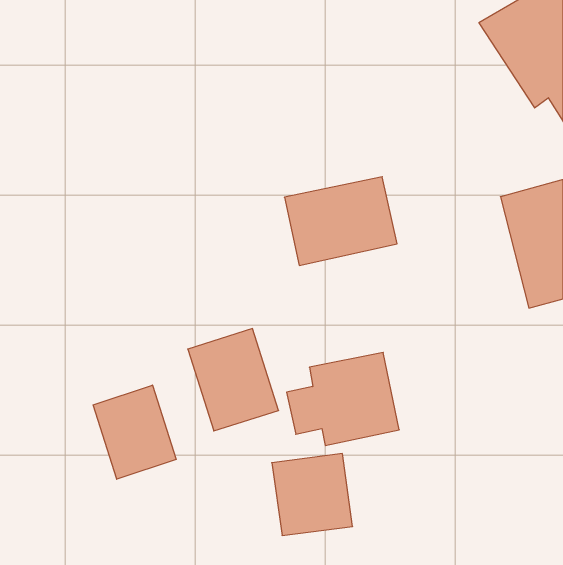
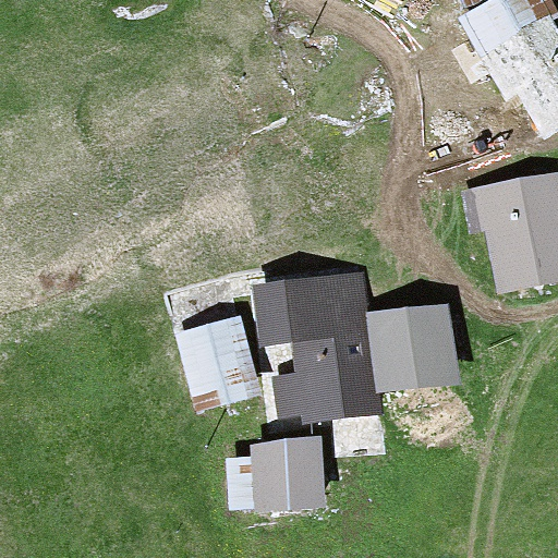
building: [284,177,397,265] -> [259,266,367,351]
building: none -> [374,296,465,390]
building: [93,385,176,479] -> none

